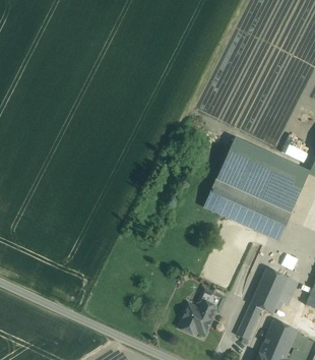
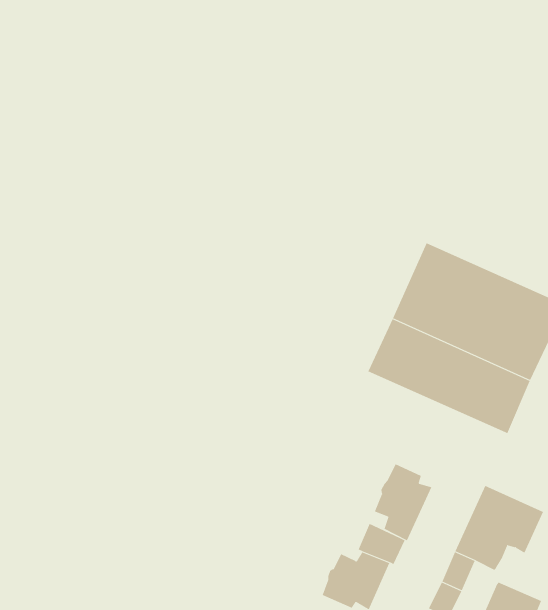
building: none -> [374,464,432,541]

